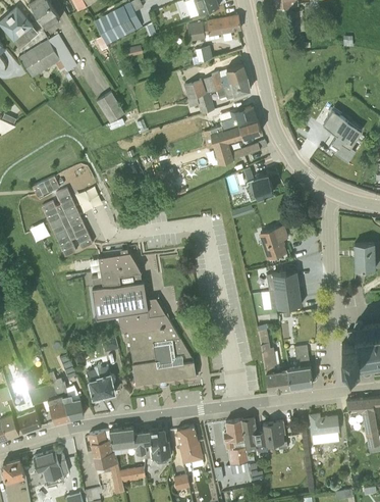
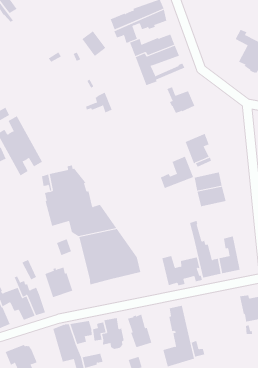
building: [97,89,124,119] -> [82,30,106,57]
building: none -> [160,156,194,189]
building: [241,419,287,455] -> [162,255,203,286]

